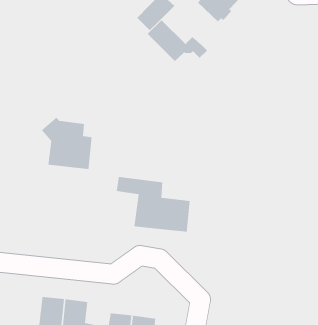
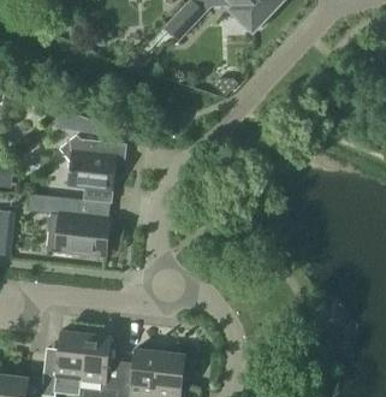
building: [147,20,208,62] -> none
building: [116,176,191,232] -> [26,194,108,255]

